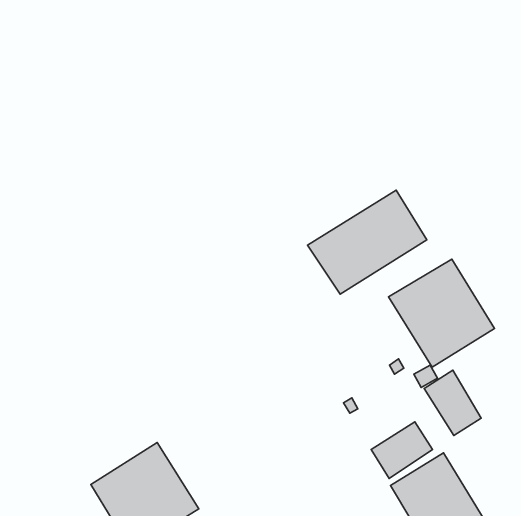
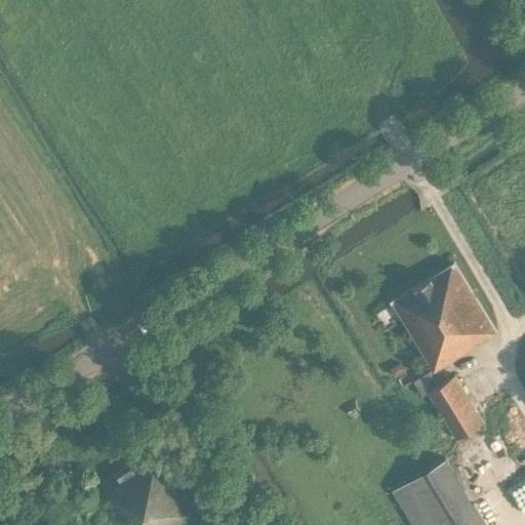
building: [308,190,427,294] -> none
building: [371,422,433,479] -> none

